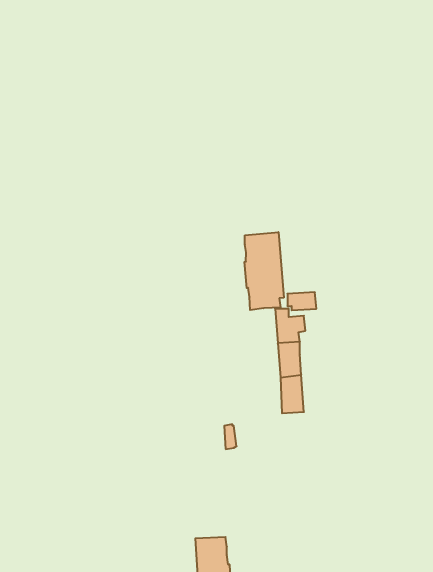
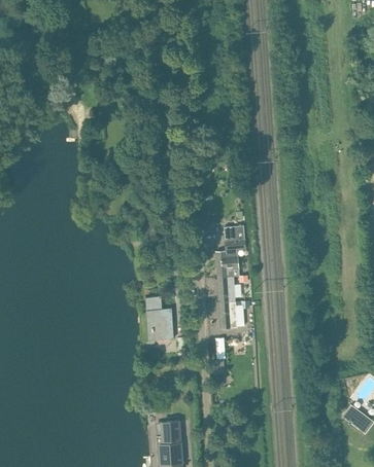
building: [244,232,284,310] -> none
building: none -> [146,296,174,344]

